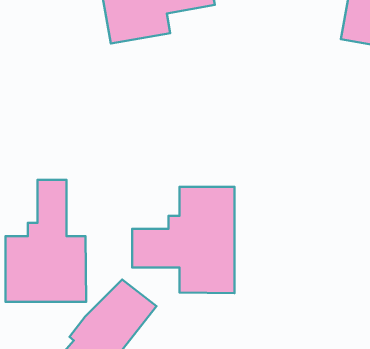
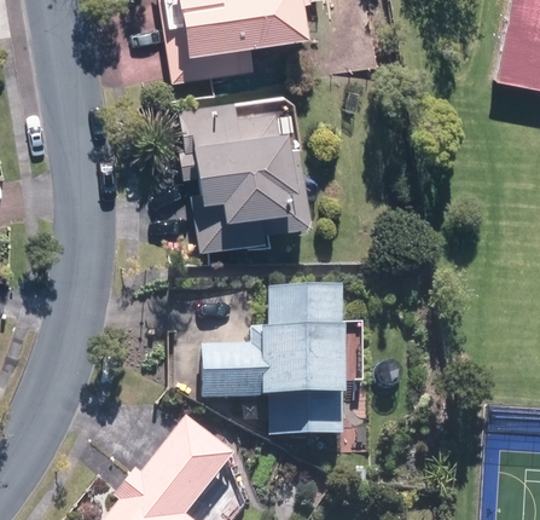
building: none -> [180,100,318,253]
building: [6,180,86,302] -> none

